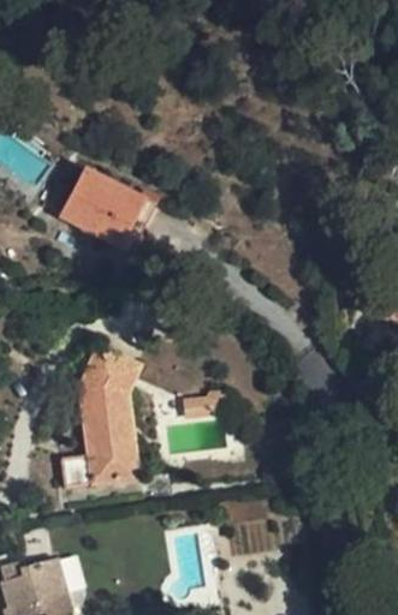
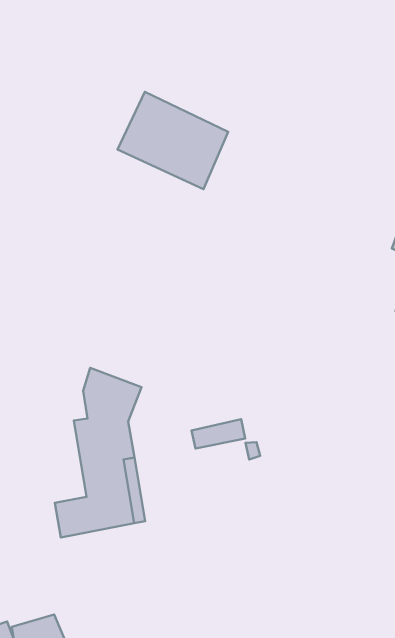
building: [55,168,152,255] -> [117,92,228,189]

